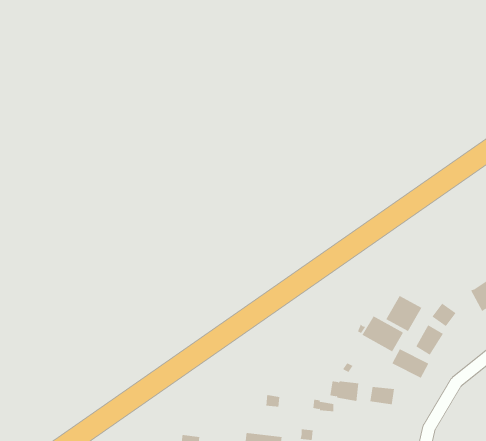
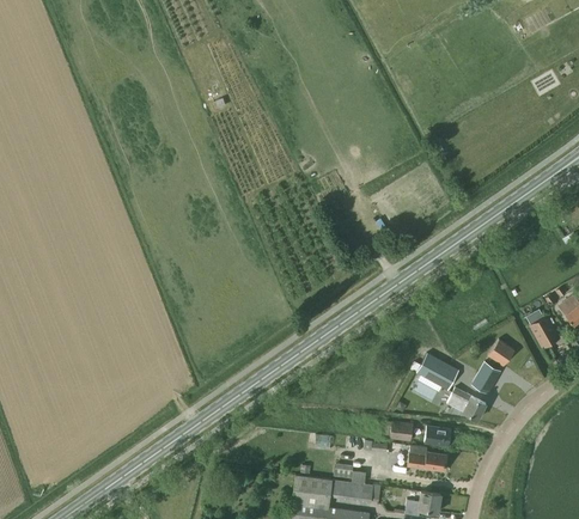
building: [386,295,422,332] -> none
building: none -> [408,446,446,471]

